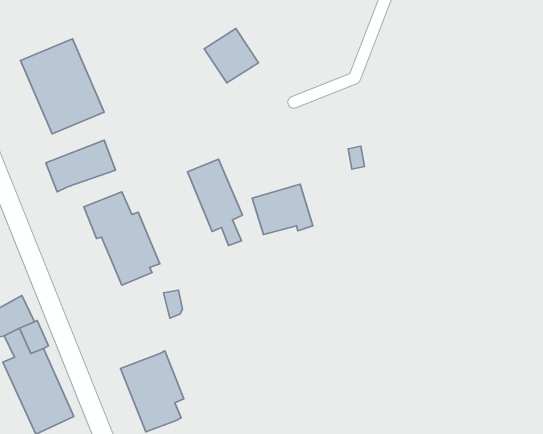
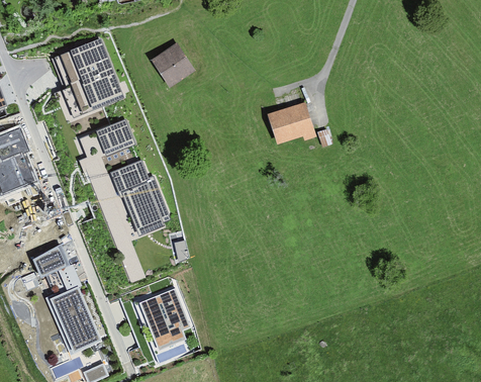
building: [204,29,259,83] -> [150,43,193,87]
building: [187,159,243,246] -> none
building: [252,184,313,235] -> [267,103,315,144]

